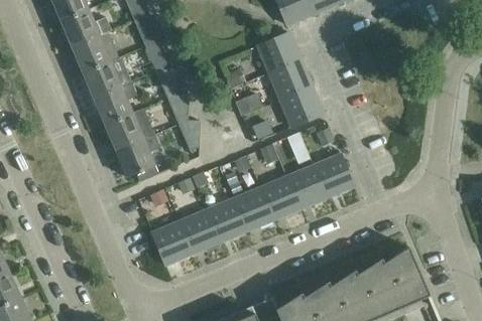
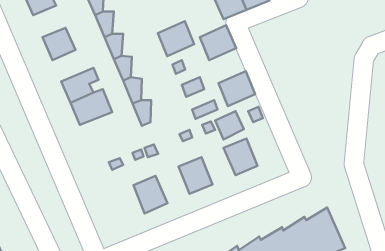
building: [59,8,109,45] -> none
building: [268,58,312,100] -> [158,21,194,56]
building: [83,60,131,98] -> none
building: [115,134,158,181] -> none
building: [313,153,353,197] -> none
building: [259,176,299,219] -> none
building: [205,198,245,242] -> none
building: [151,220,192,265] -> none

